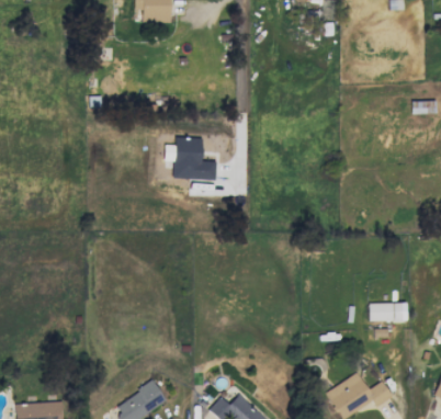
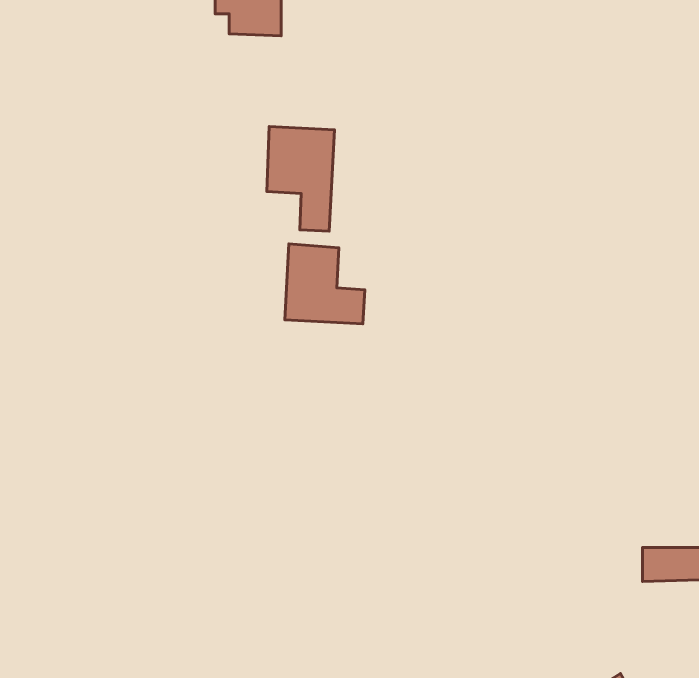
building: none -> [267,126,335,231]

